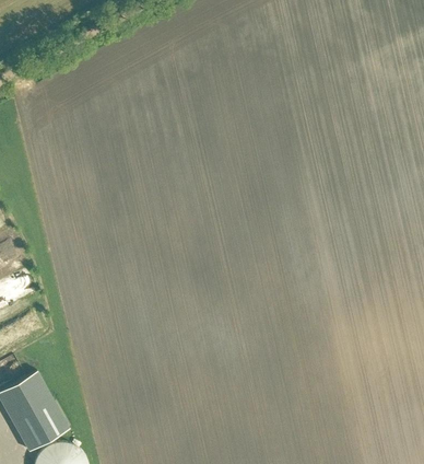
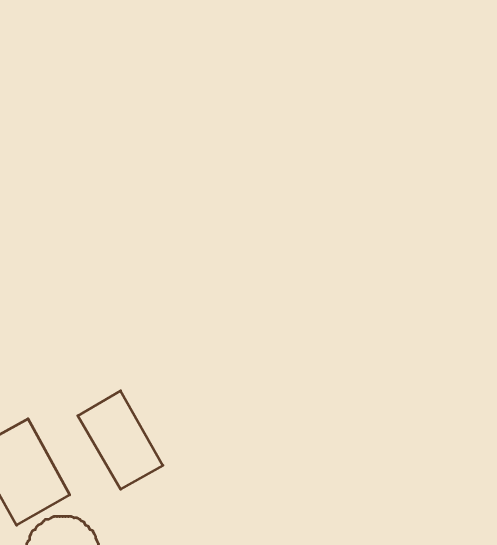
building: none -> [78,391,163,489]

